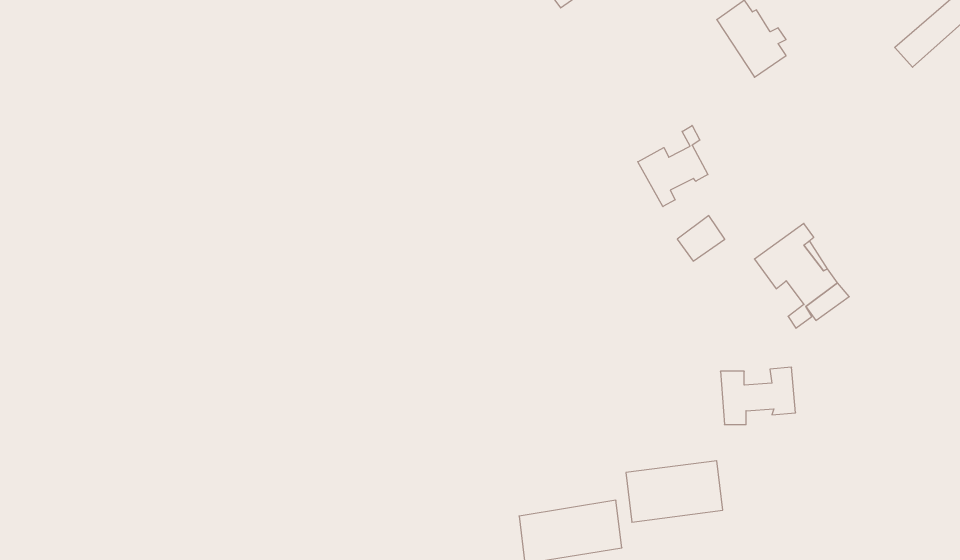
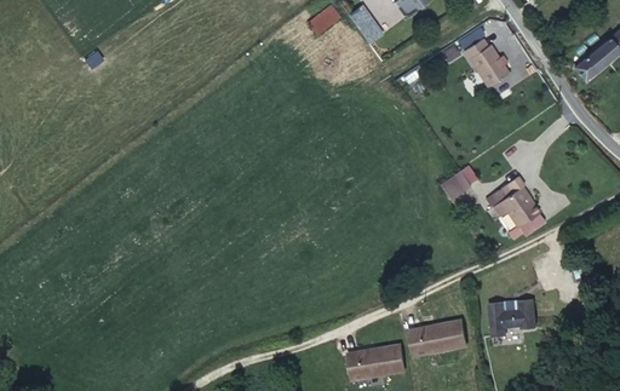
building: [638,125,708,207] -> none
building: [720,367,796,425] -> [492,299,538,334]

